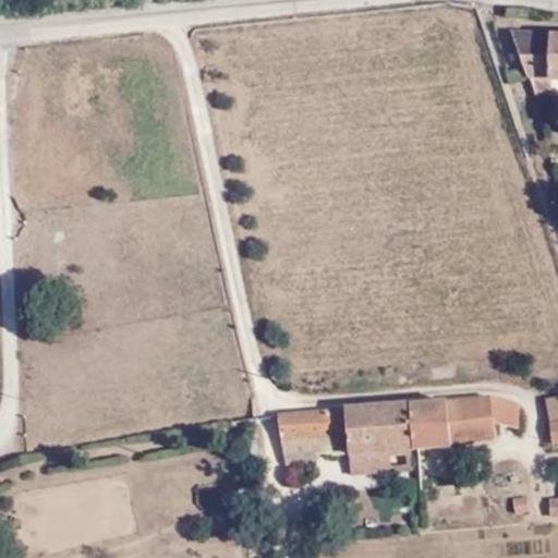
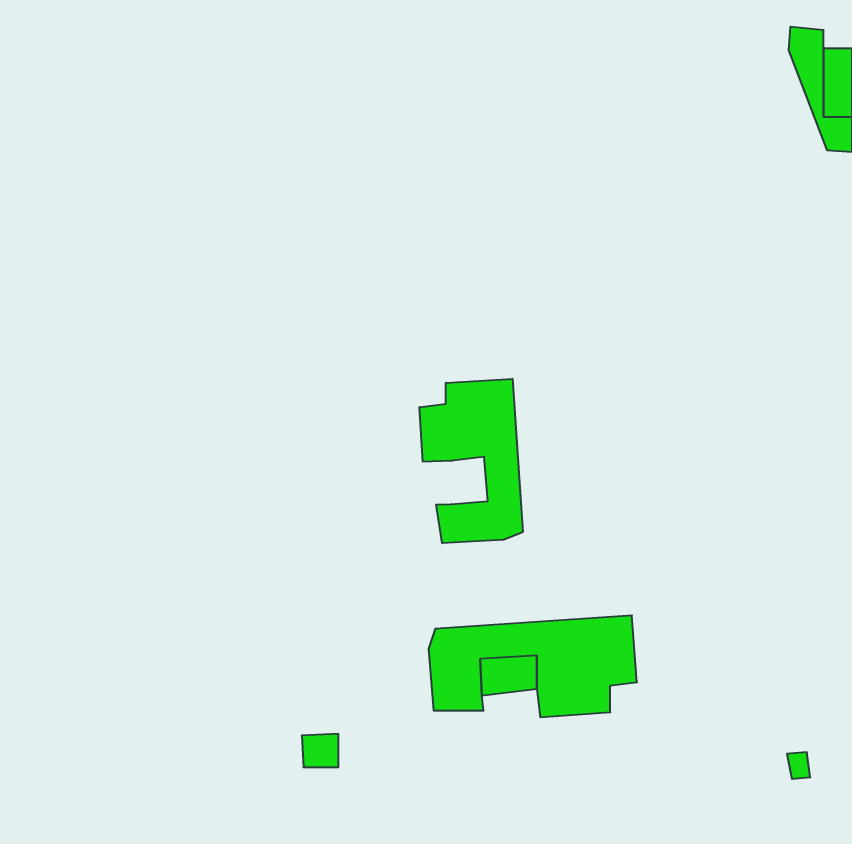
building: none -> [419,379,523,543]
building: [413,398,524,446] -> none

